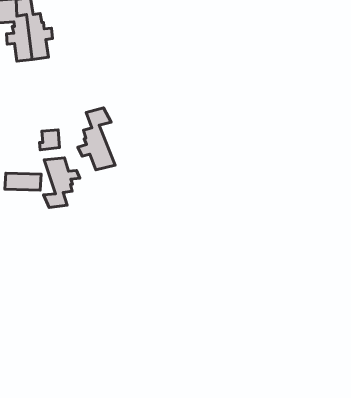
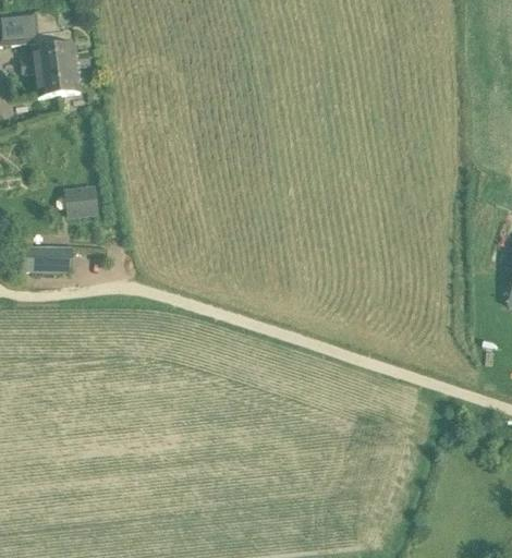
building: [78,108,115,170] -> none
building: [43,158,80,207] -> none

